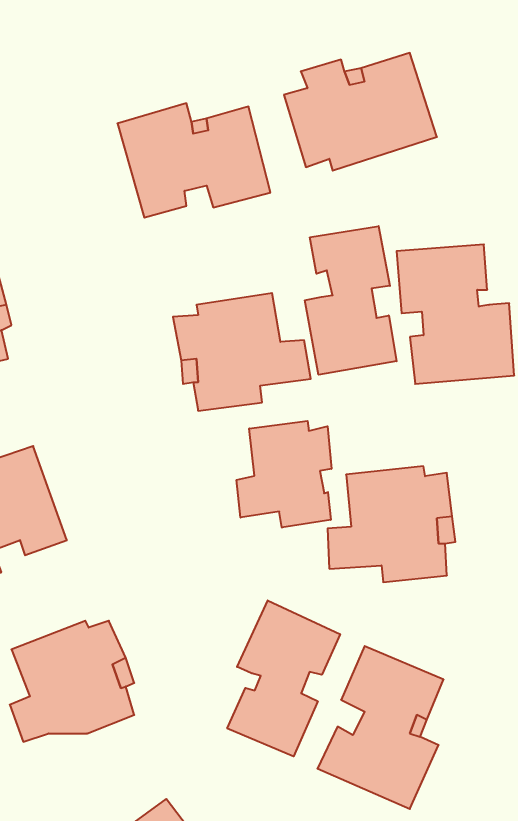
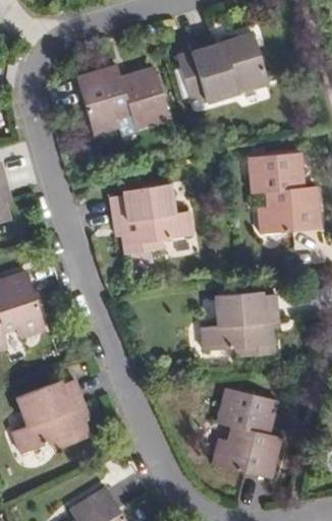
building: [305,226,397,375] -> none
building: [237,421,331,528] -> none
building: [227,600,340,756] -> none

